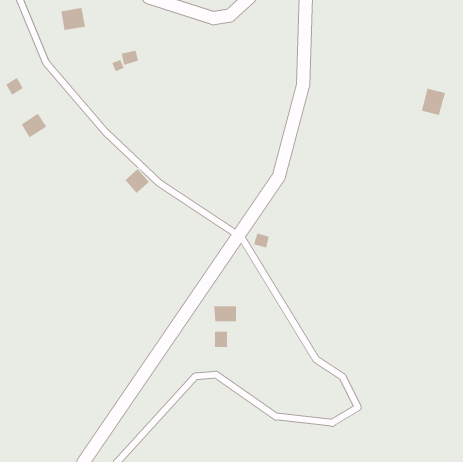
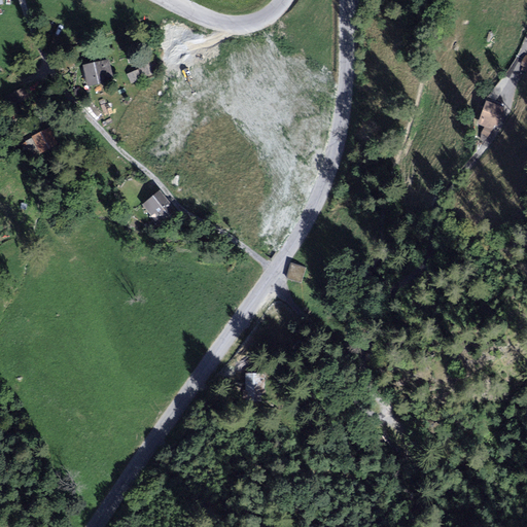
building: [60,8,86,30] -> [81,59,110,84]
building: [214,306,236,322] -> none

